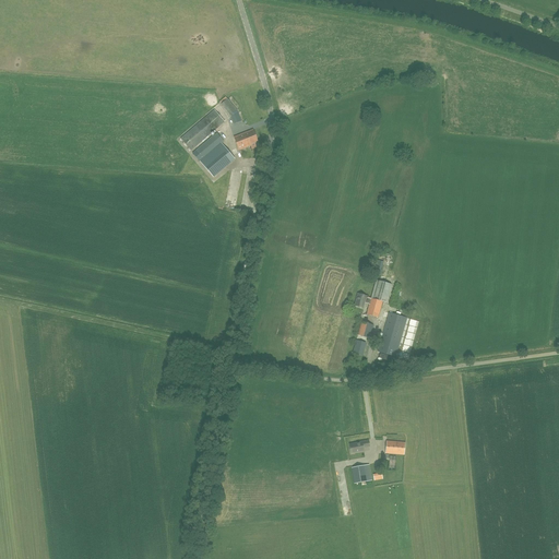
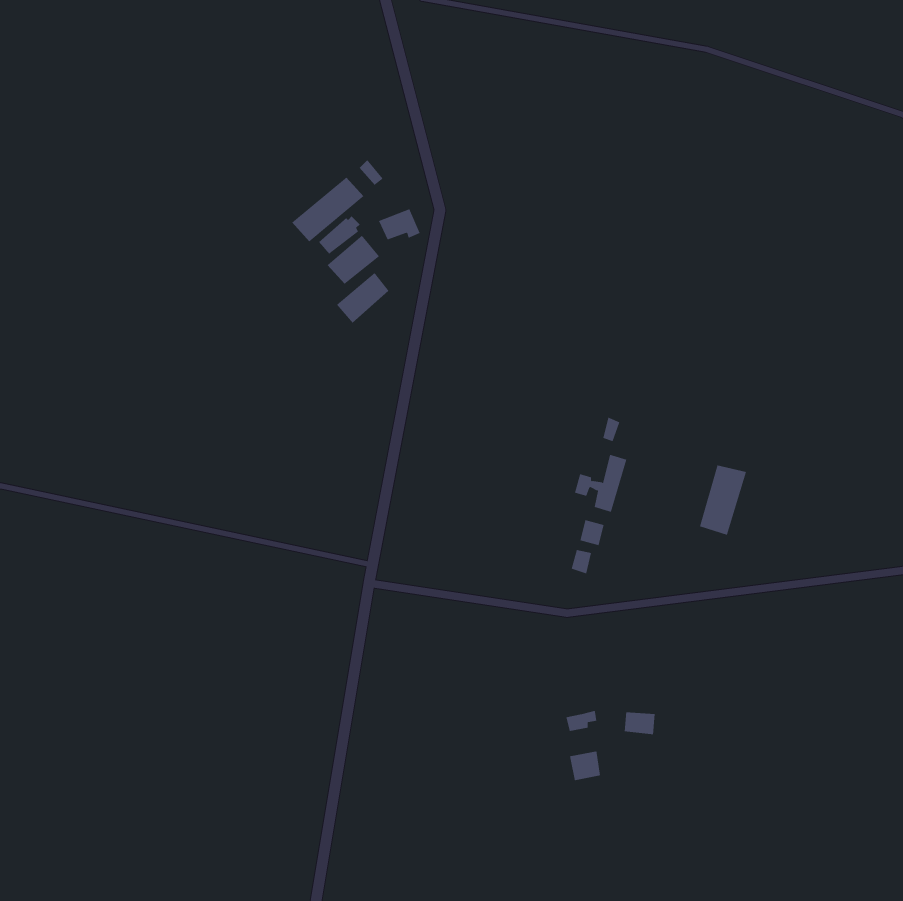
building: none -> [336,272,389,324]
building: [378,312,407,356] -> [699,465,747,535]

